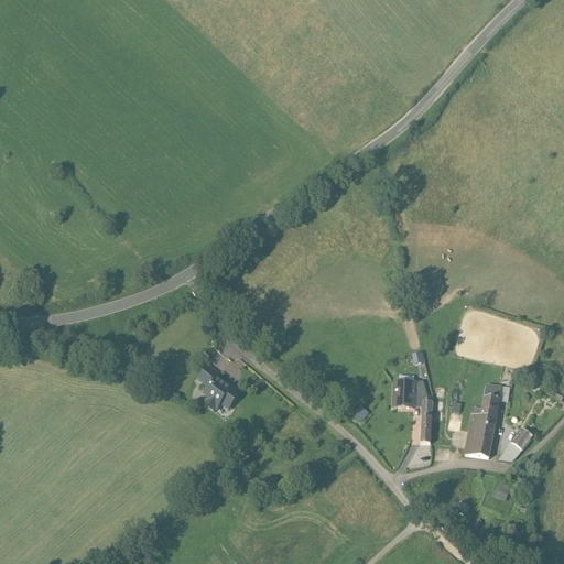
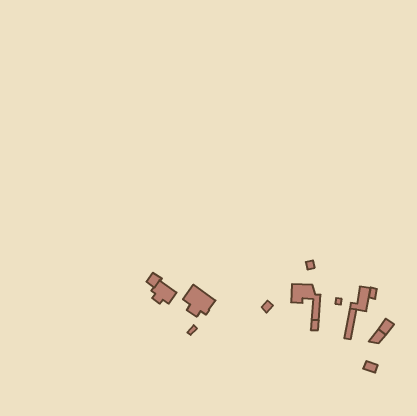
building: none -> [183,285,216,317]
building: [473,416,494,458] -> none

